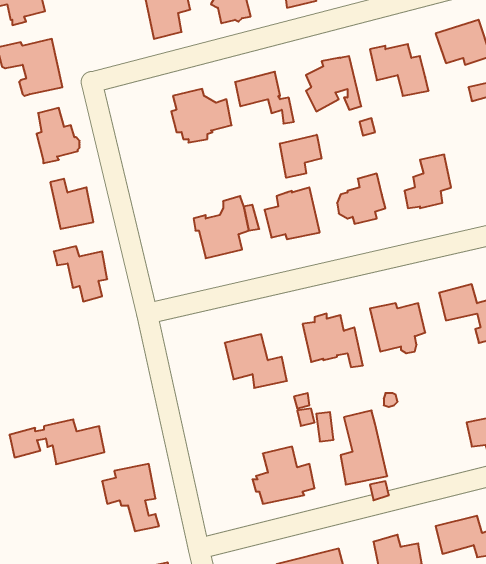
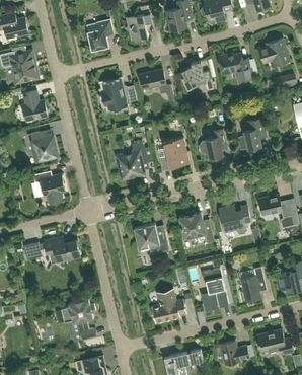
building: [280,135,321,178] -> none
building: none -> [239,267,263,303]
building: [9,419,104,464] -> [23,237,79,264]

